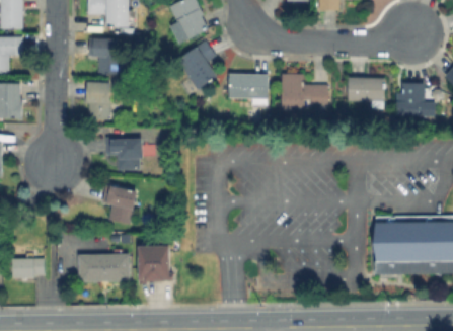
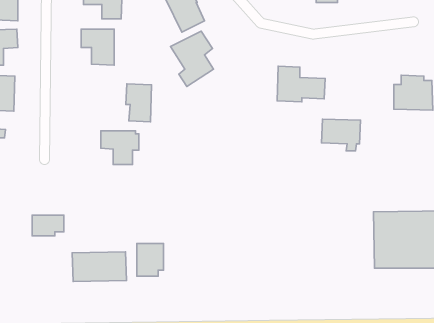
building: [228,73,268,105] -> none
building: [347,77,385,108] -> [322,119,360,151]
building: [85,82,110,119] -> [126,84,152,122]
building: [103,185,137,224] -> none
building: [12,258,44,278] -> [32,215,64,236]

